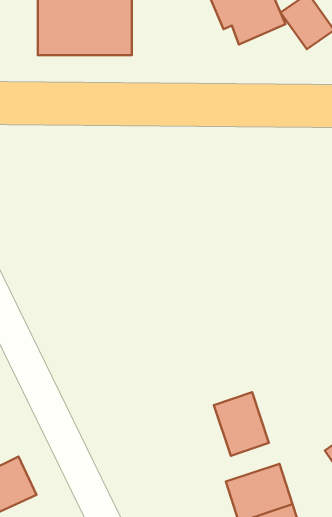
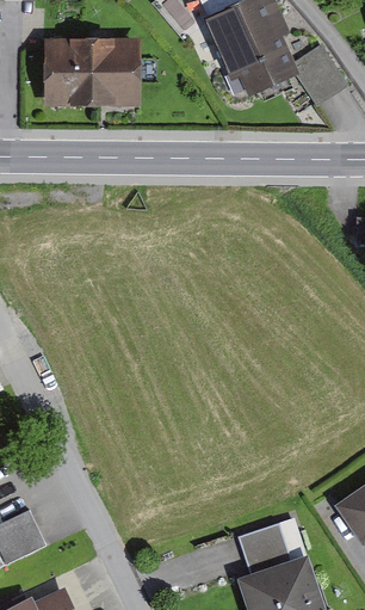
building: [214,392,269,456] -> none

